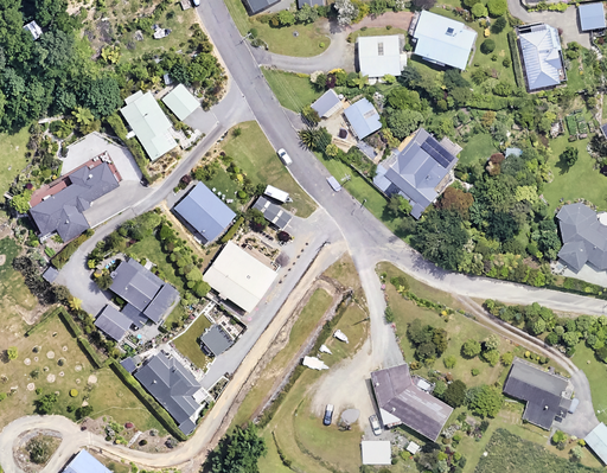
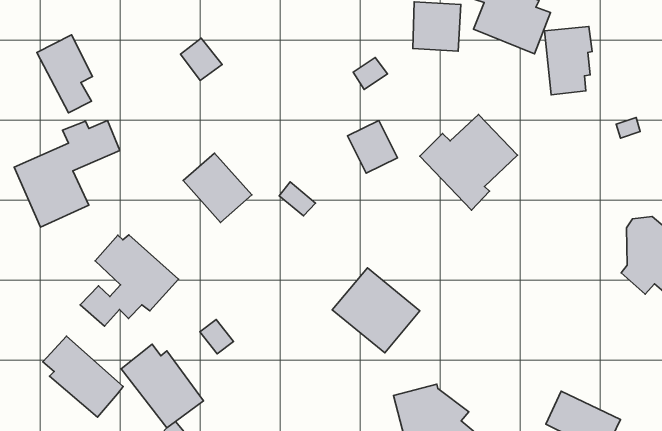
building: [519,27,562,89] -> [544,27,592,95]
building: [119,91,170,159] -> [37,35,92,113]
building: [340,94,385,140] -> [347,121,398,173]
building: [199,241,275,313] -> [332,268,420,353]
building: none -> [43,336,123,417]

